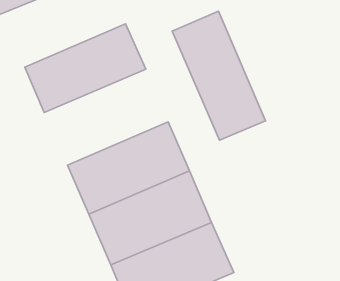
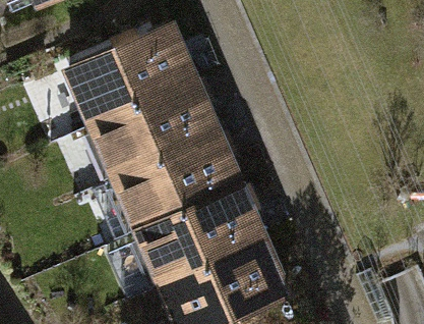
building: [172,11,266,140] -> none
building: none -> [85,77,222,183]

